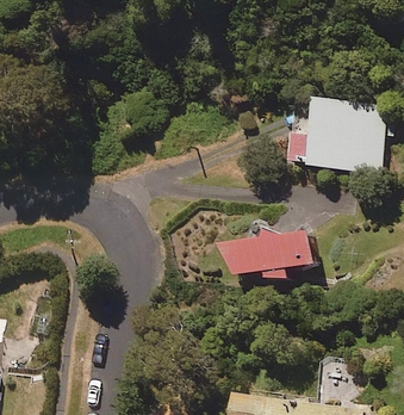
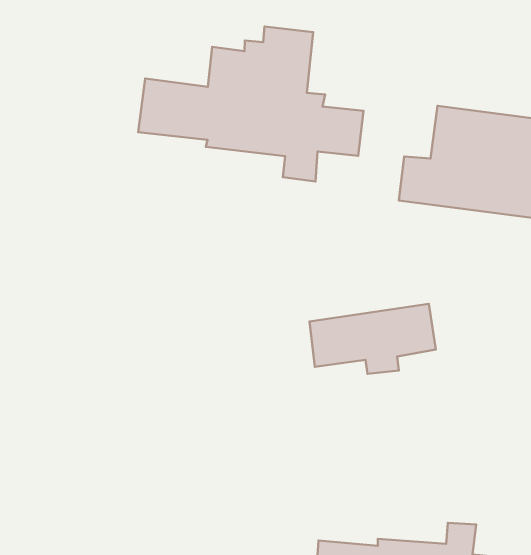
building: none -> [138,27,363,181]

